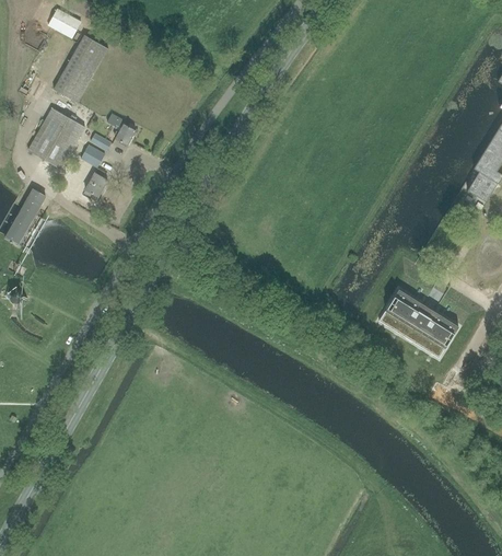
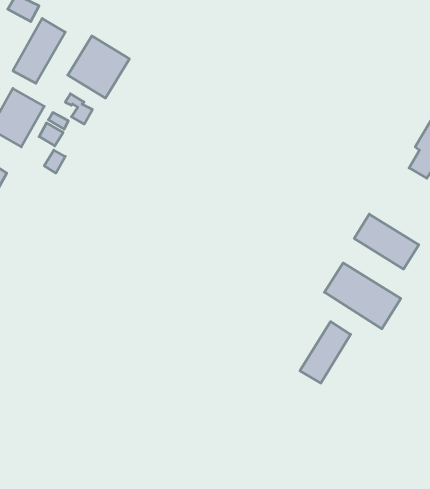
building: none -> [68,36,129,98]
building: none -> [354,214,419,269]
building: none -> [300,322,351,383]

